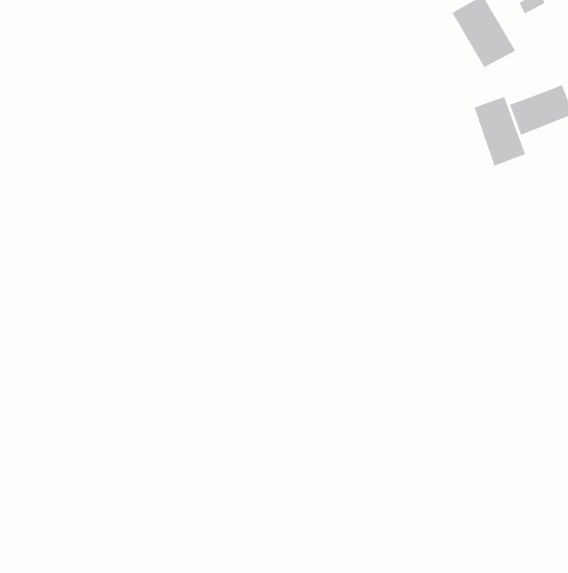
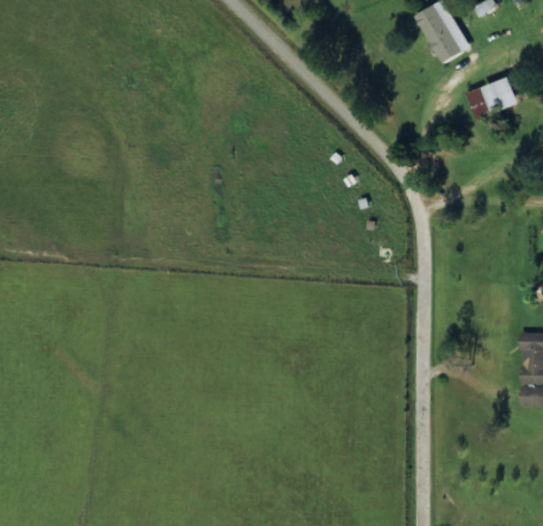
building: [474,96,526,167] -> none

